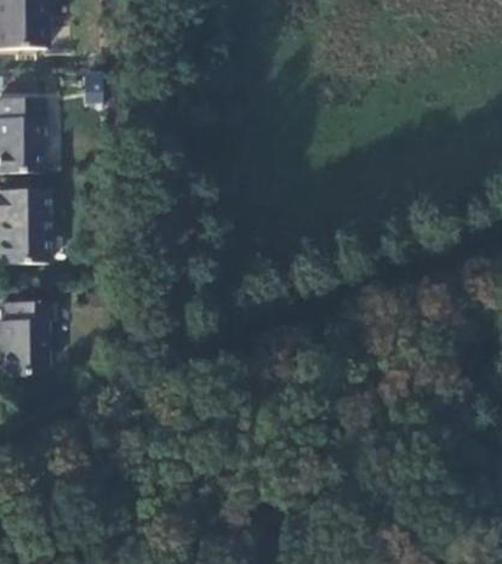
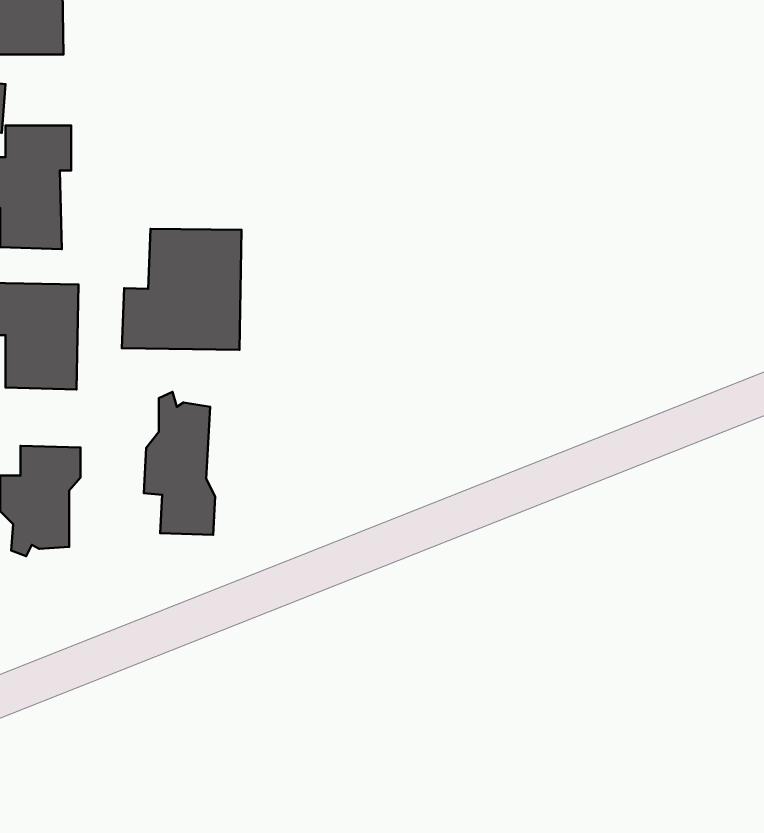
building: none -> [122,229,242,350]
building: none -> [144,392,215,535]

